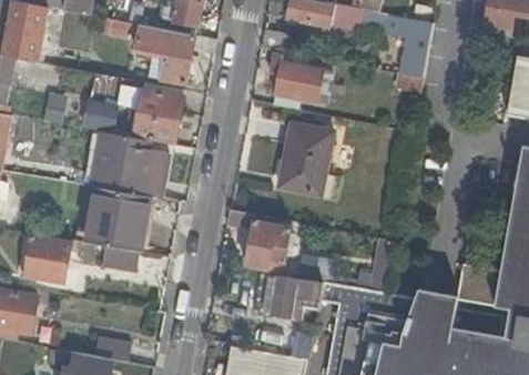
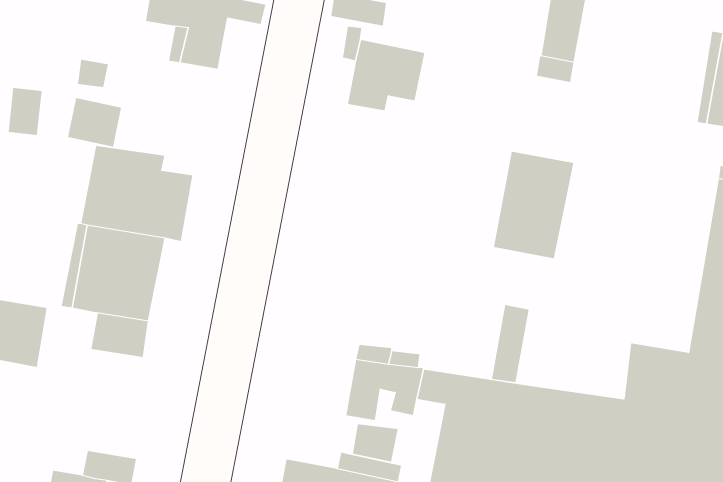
building: [133,87,185,140] -> none
building: [279,124,334,196] -> [493,151,574,259]
building: [228,210,292,272] -> none

